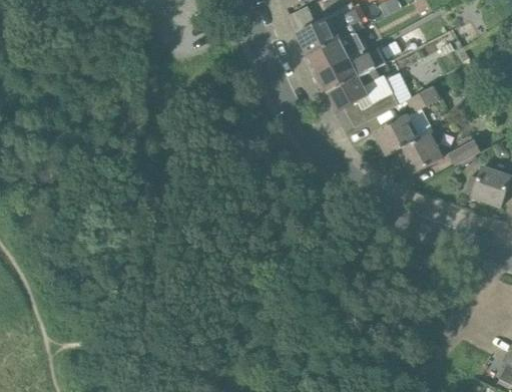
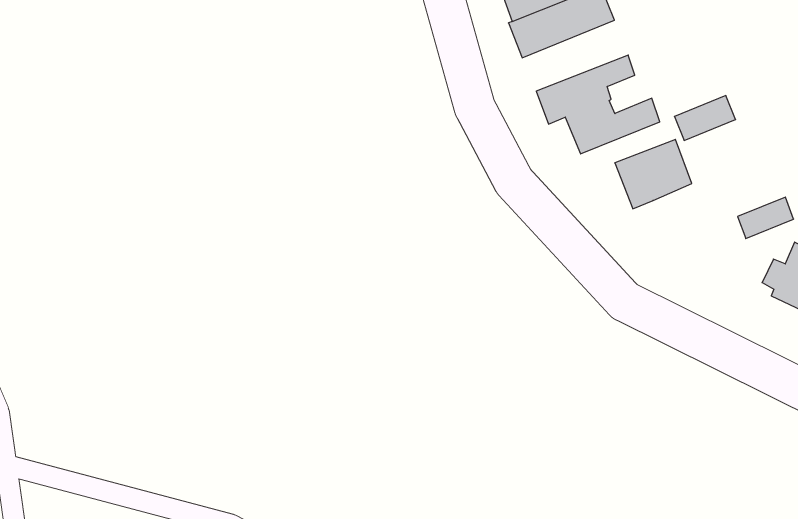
building: [317,48,387,93] -> none
building: [400,131,445,173] -> none

